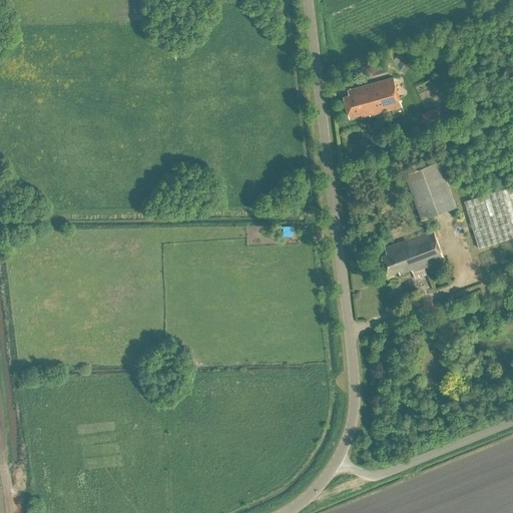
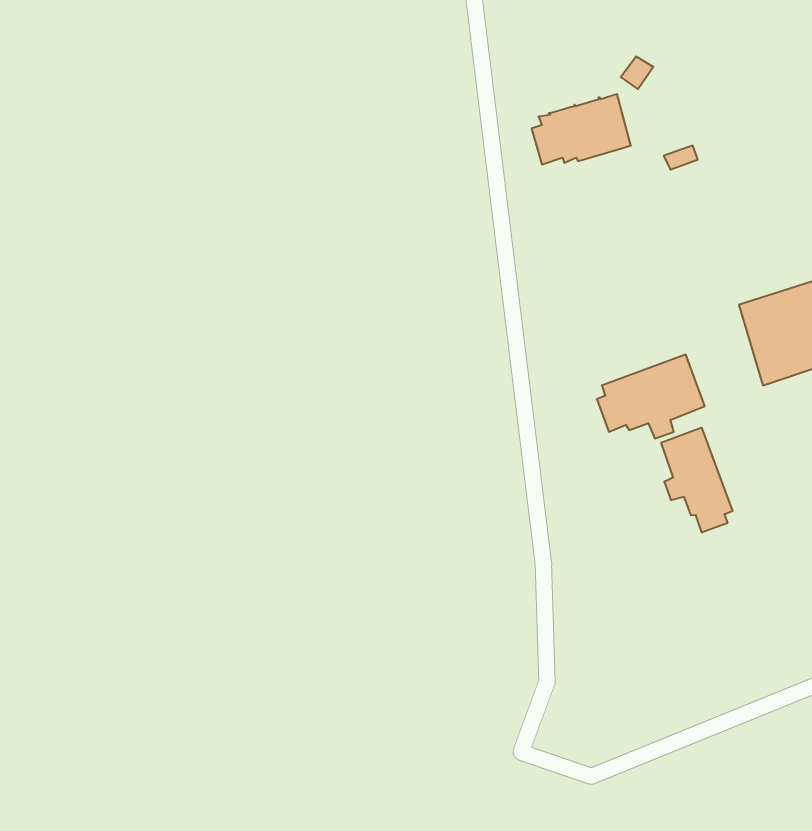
building: [405,158,457,217] -> none
building: none -> [661,428,732,533]

